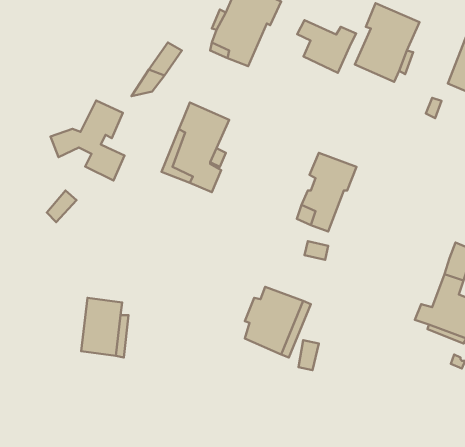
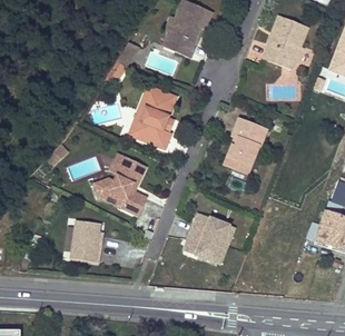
building: [297,20,356,73] -> none
building: [51,100,125,181] -> [93,155,146,211]

